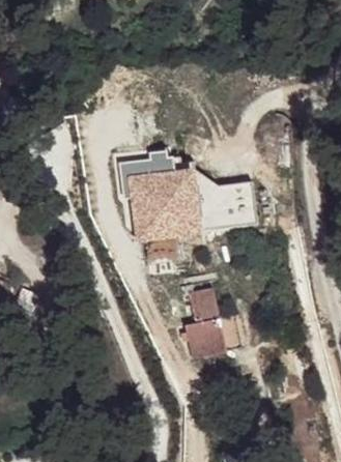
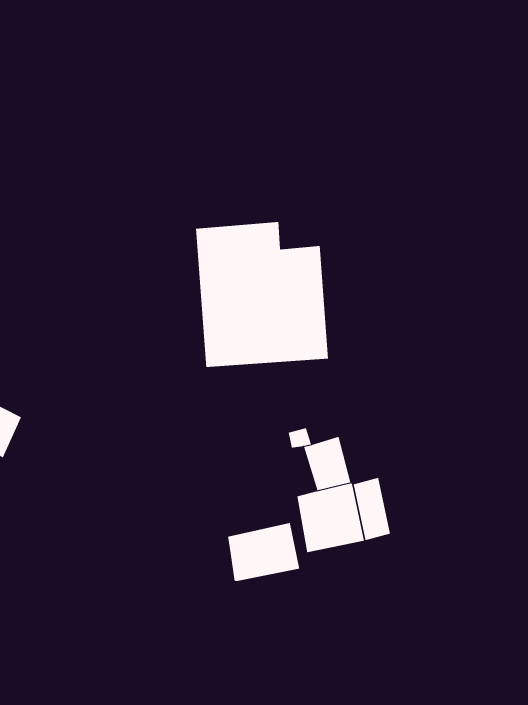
building: [215,192,258,228] -> none
building: none -> [228,522,300,582]

